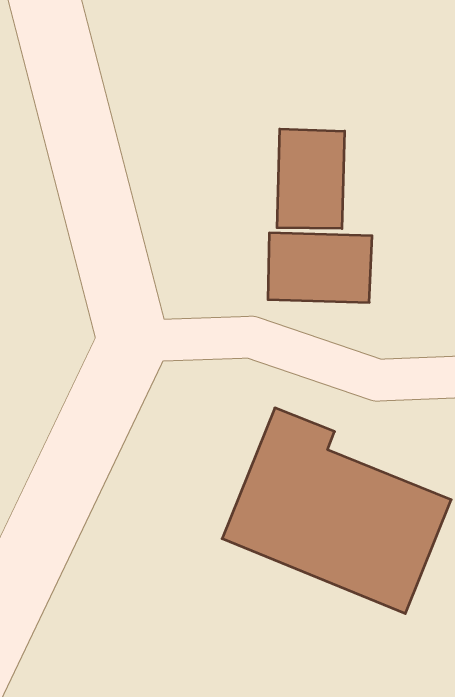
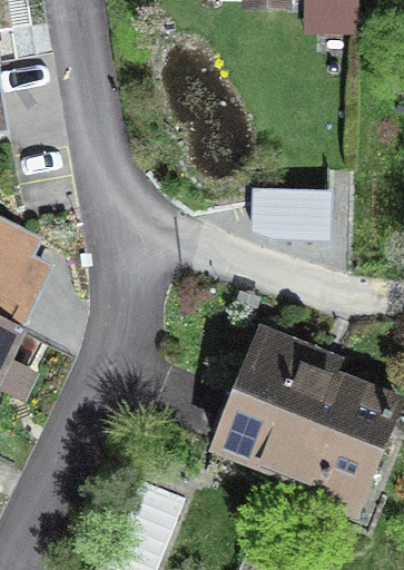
building: [277,129,345,229] -> none

